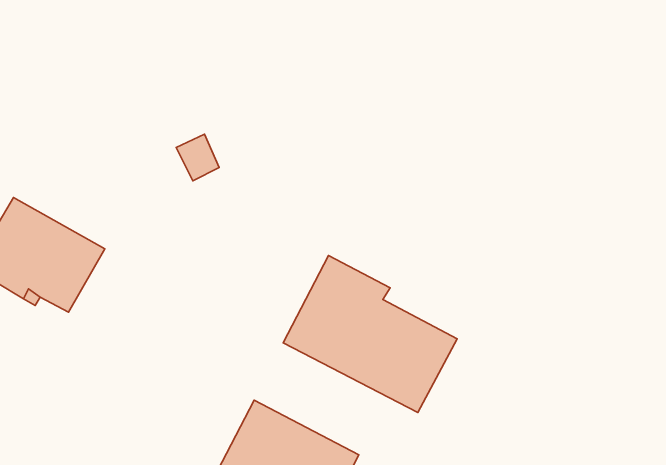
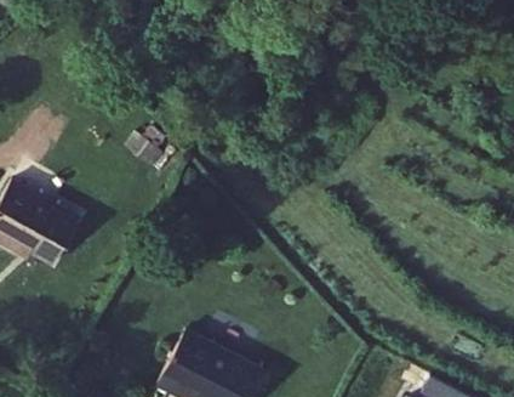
building: [283,255,457,413] -> none

